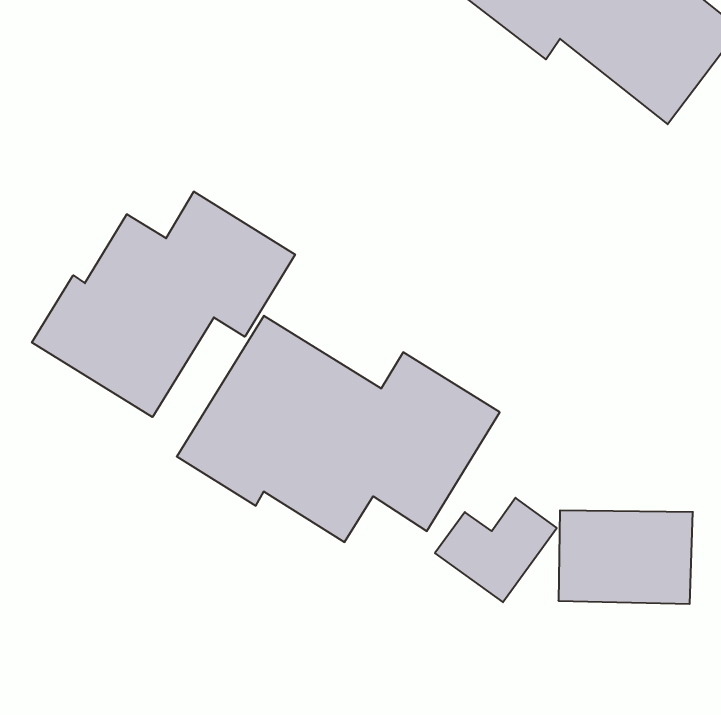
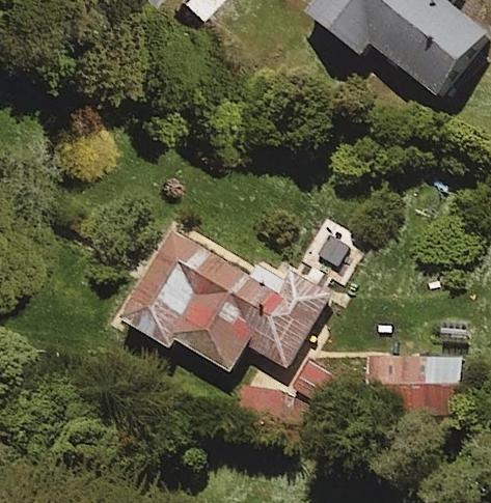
building: [32,191,295,417] -> none

